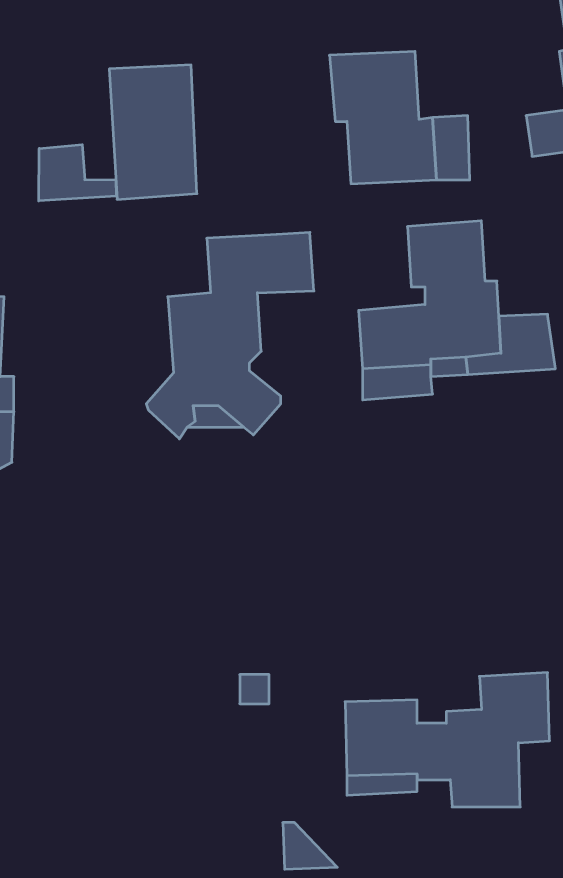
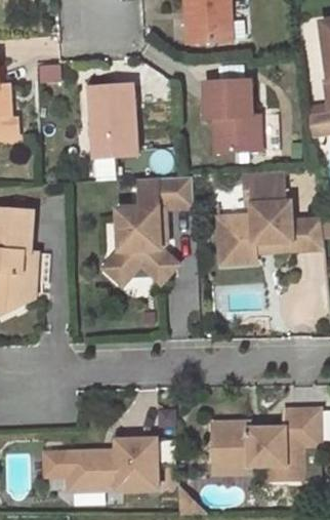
building: [39,145,116,201] -> none
building: none -> [43,438,157,490]

